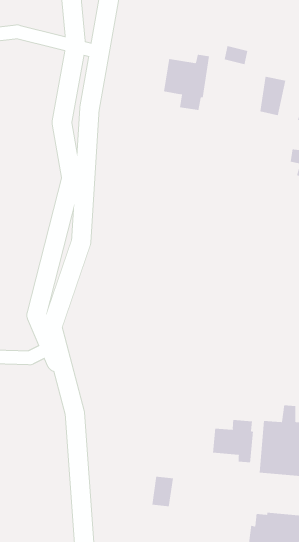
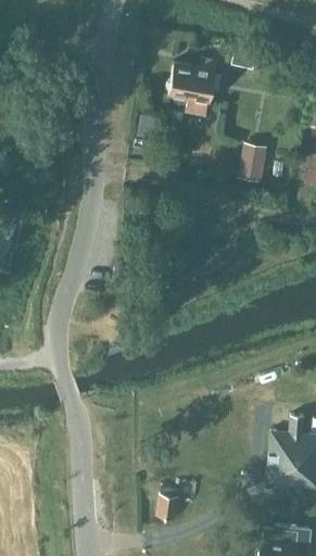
building: [259,76,286,116] -> [239,142,266,182]
building: [213,419,254,463] -> none

